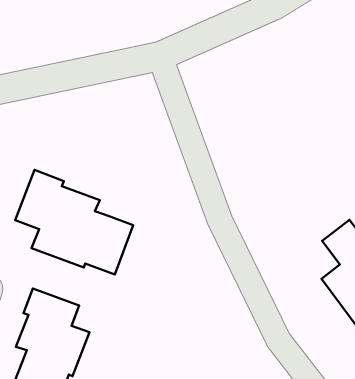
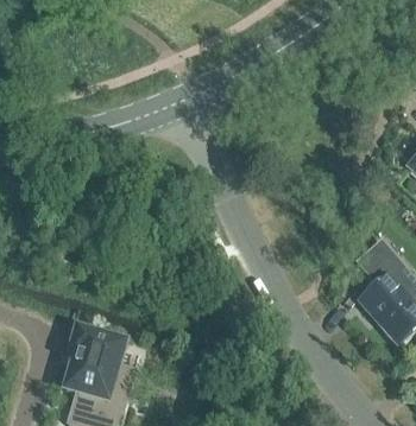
building: [15,170,133,274] -> none

